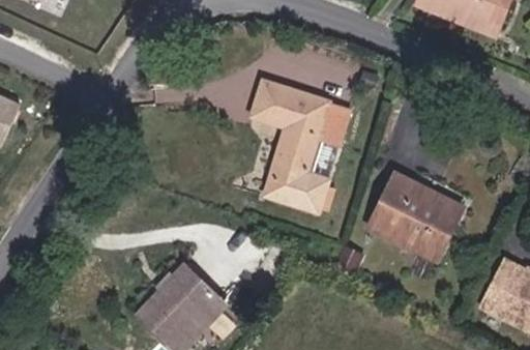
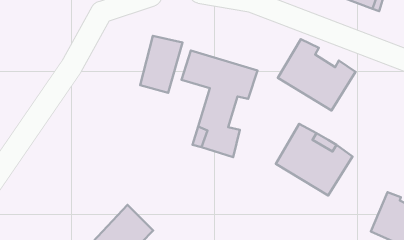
building: none -> [140,36,182,93]
building: none -> [278,39,356,110]

